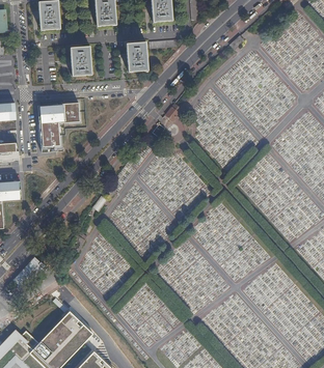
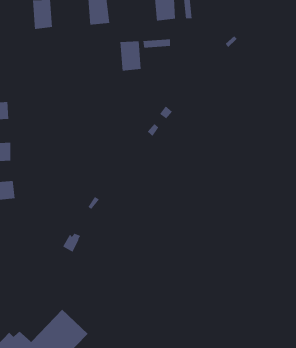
building: [70,46,91,76] -> none
building: [37,103,80,151] -> none

